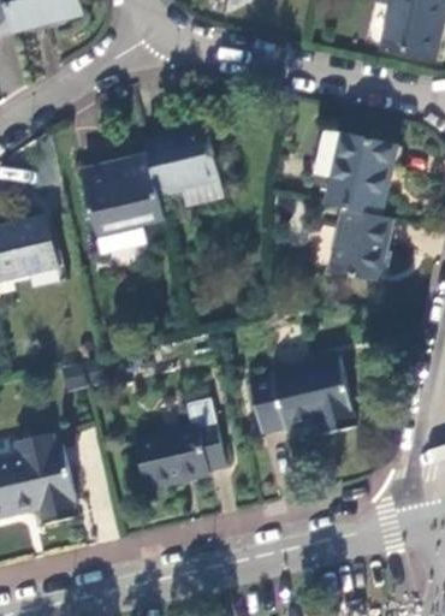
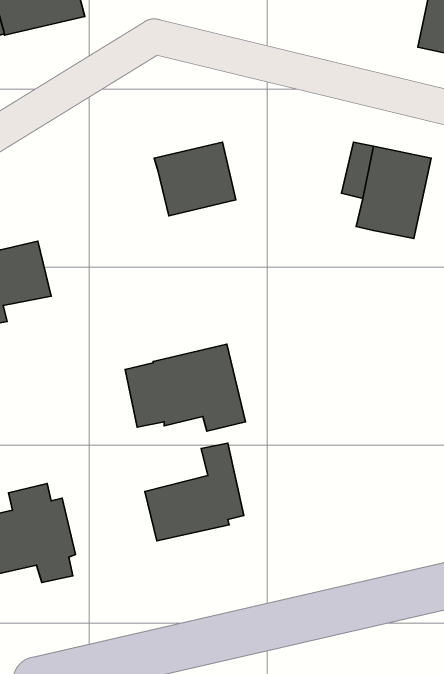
building: [83,156,165,236] -> none
building: [330,209,393,284] -> none
building: [249,360,357,438] -> [125,344,246,431]

